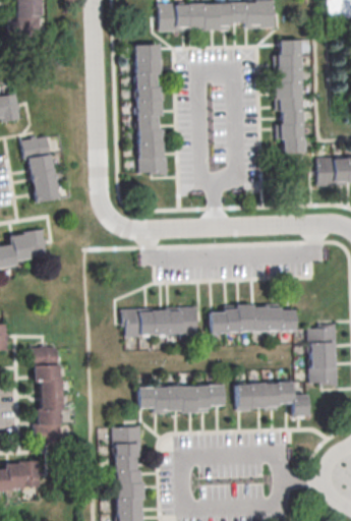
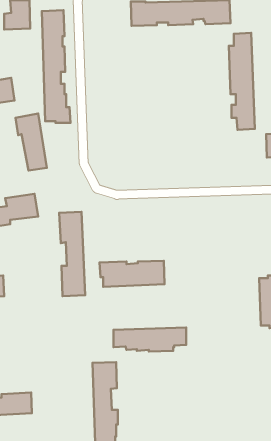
building: [134,44,168,176] -> [42,10,70,123]
building: [210,305,296,335] -> none
building: [34,346,64,445] -> [59,212,85,296]
building: [236,383,308,417] -> none

